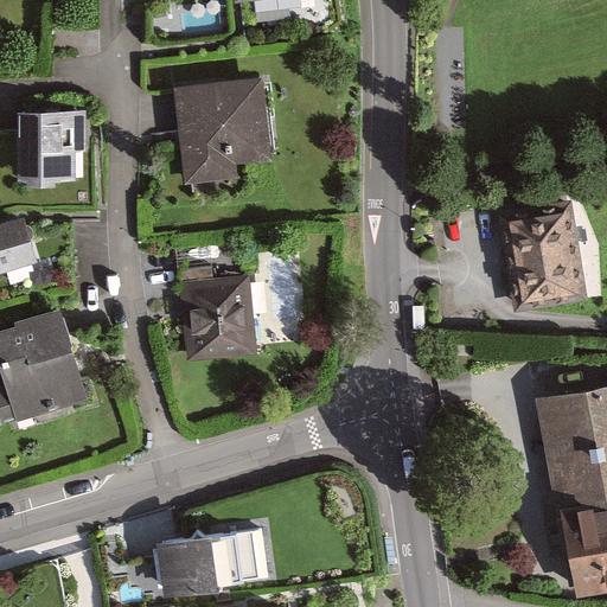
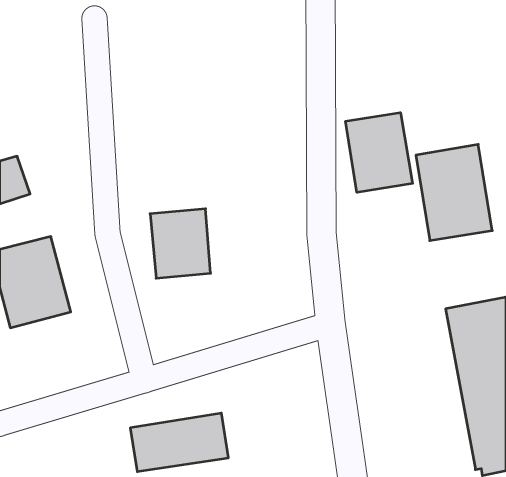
building: [178,76,270,175] -> none
building: [17,107,89,183] -> none
building: none -> [346,113,413,192]

